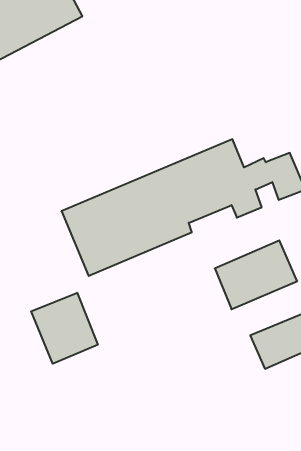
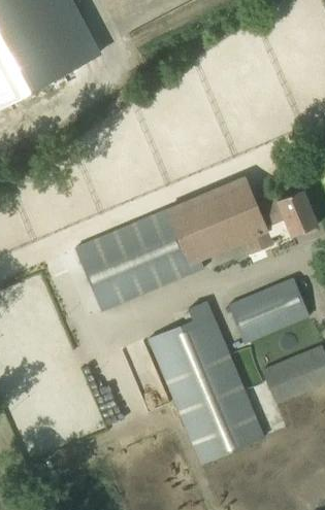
building: none -> [149,300,265,463]
building: [31,293,98,364] -> none

